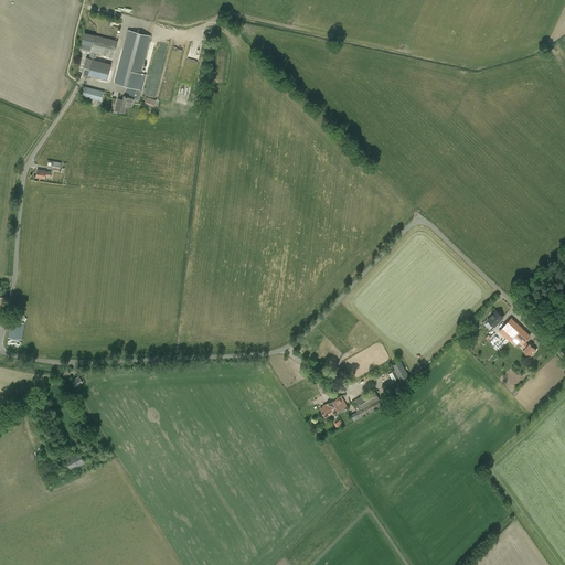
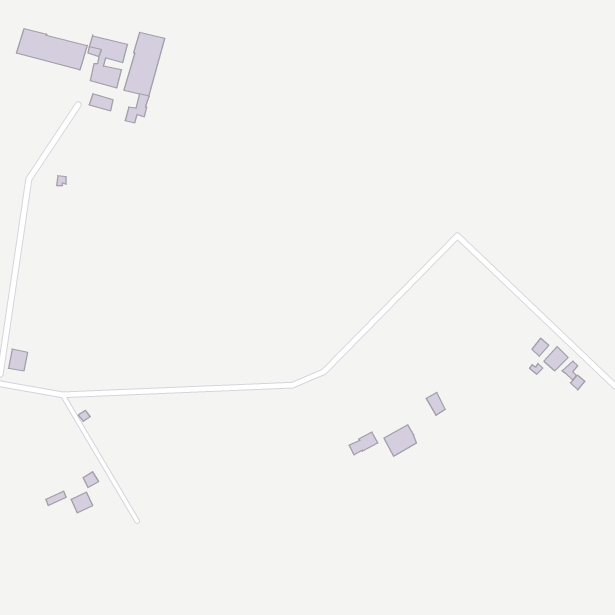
building: none -> [17,29,87,70]

